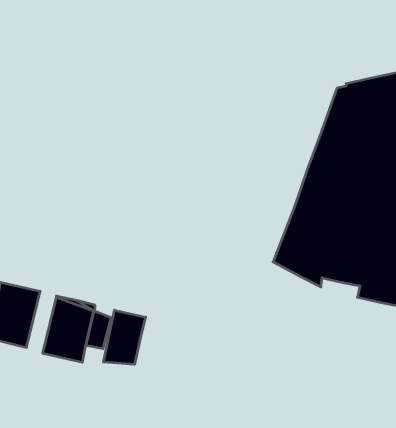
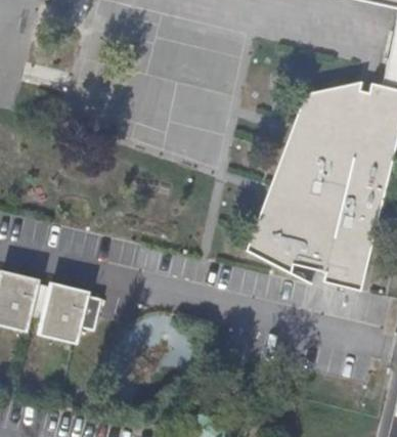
building: [103,310,146,364] -> none

